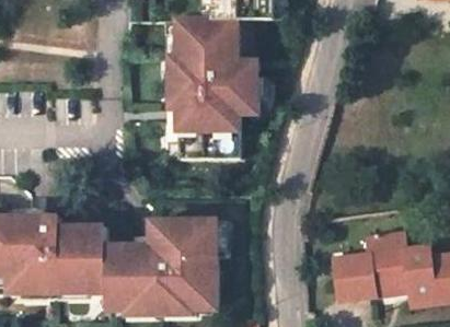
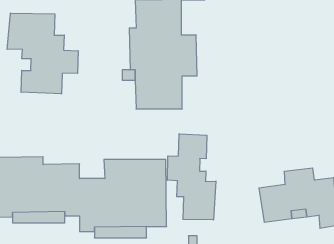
building: none -> [7,13,78,94]
building: none -> [167,134,216,220]

